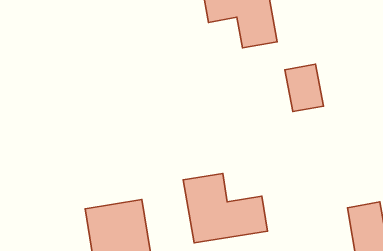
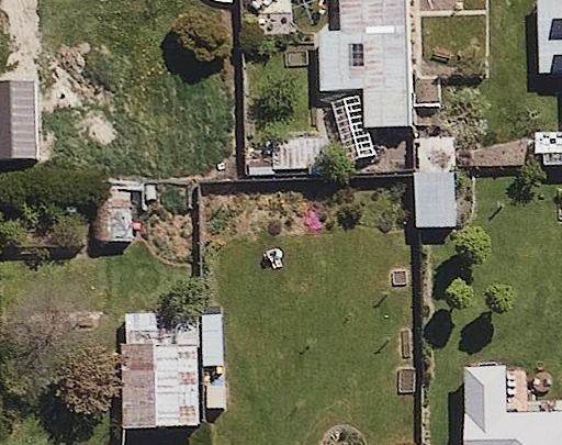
building: [183,173,267,243] -> none

